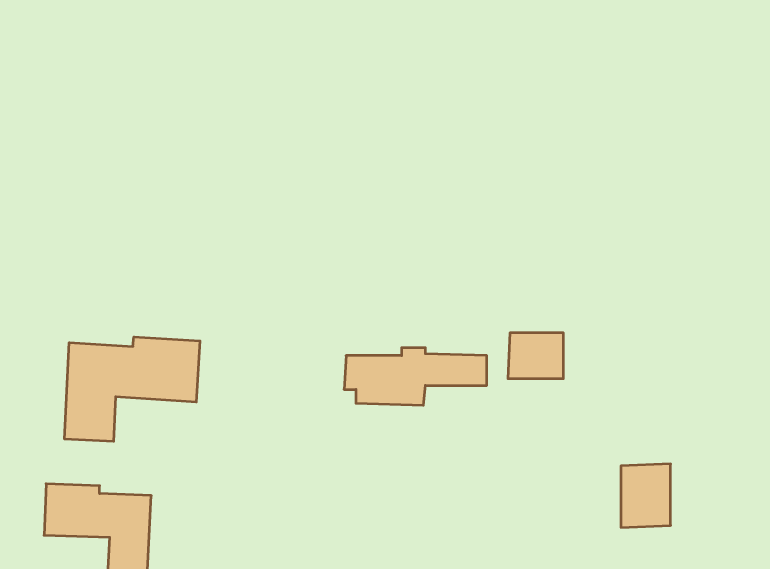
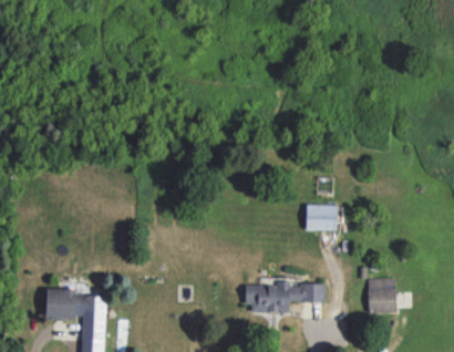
building: [65,337,200,441] -> none
building: [344,348,487,405] -> [245,281,324,313]

